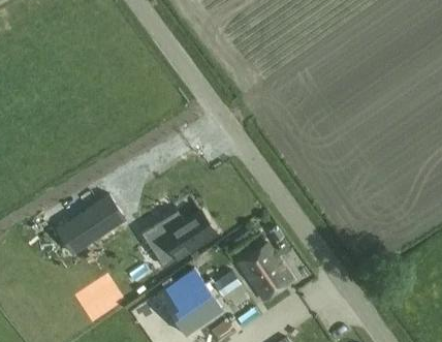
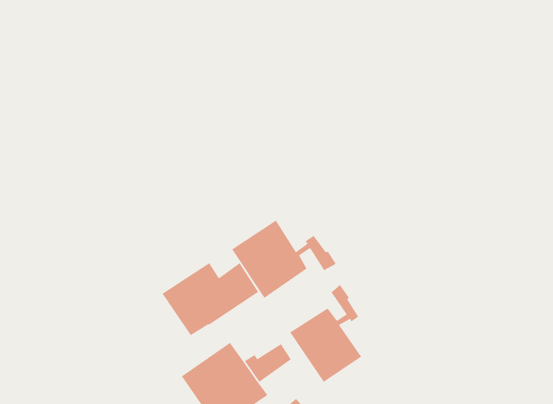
building: none -> [231,220,337,299]
building: [57,194,126,254] -> none

